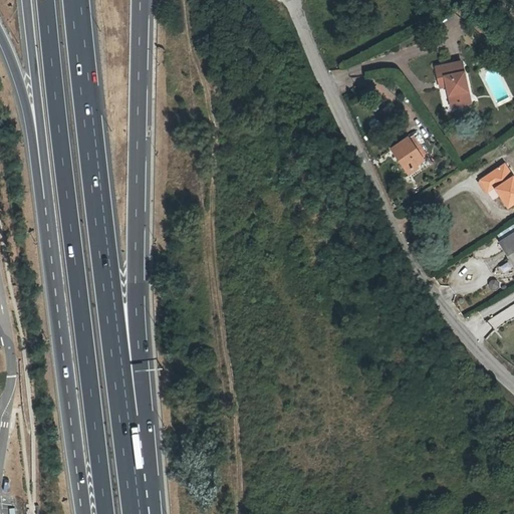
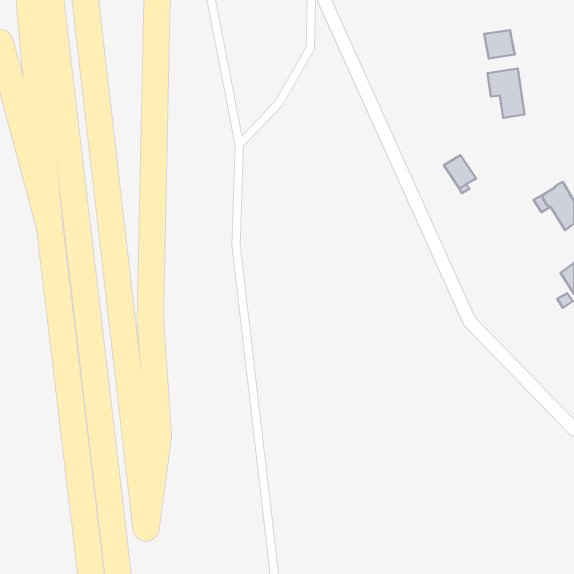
building: none -> [484,30,515,58]

